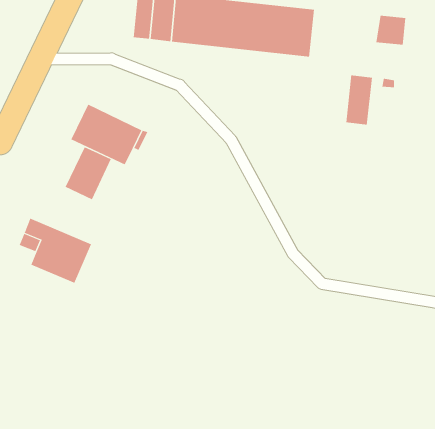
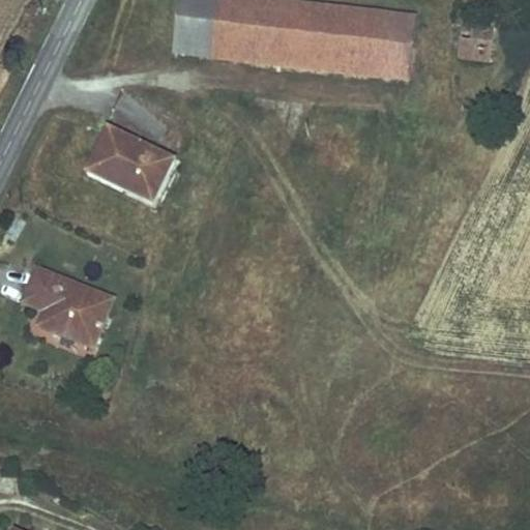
building: [345,75,373,125] -> [377,11,410,72]
building: [65,146,112,200] -> none

